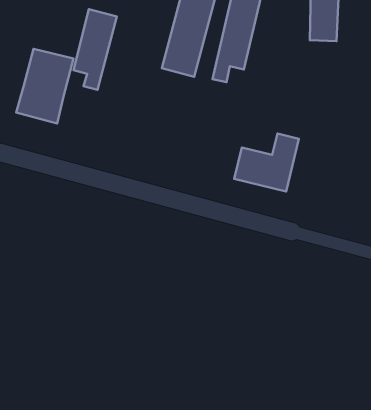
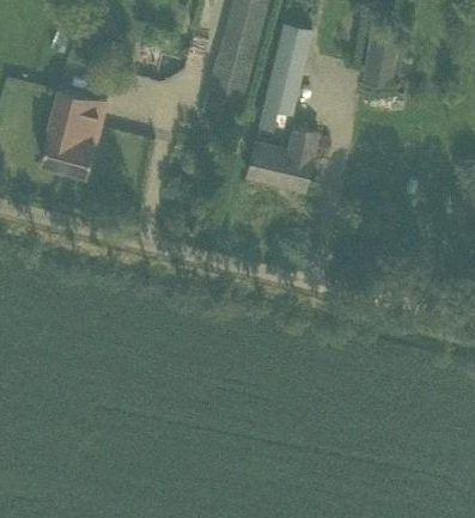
building: [73,9,117,90] -> none
building: [234,133,299,192] -> [245,128,317,193]

